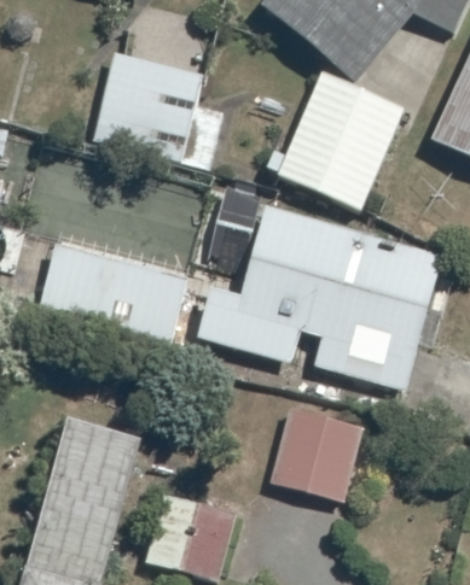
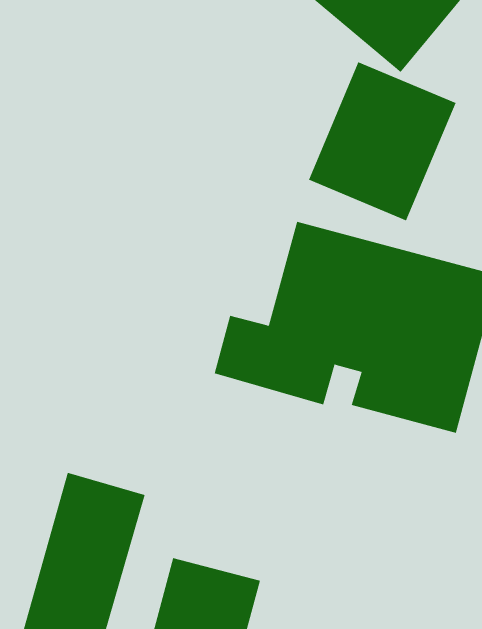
building: [92,52,201,159] -> none
building: [39,240,187,343] -> none
building: [269,405,364,499] -> none

